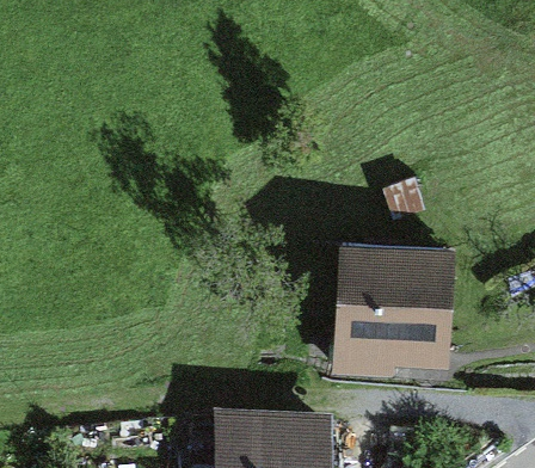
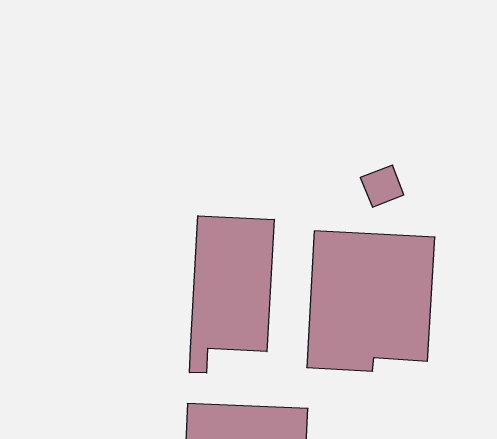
building: none -> [190,216,274,373]

